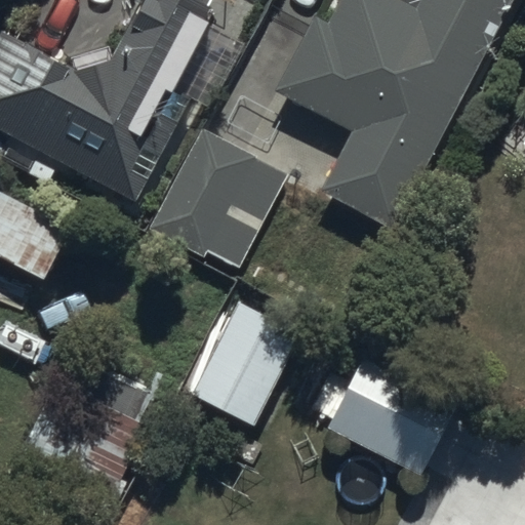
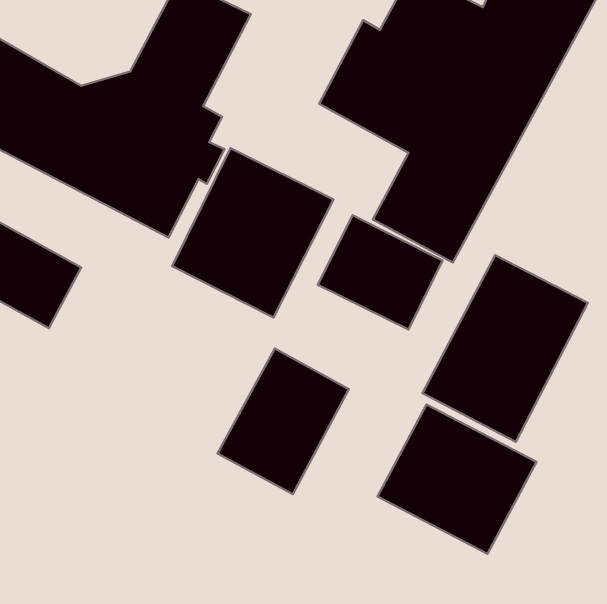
building: none -> [318,215,443,330]
building: none -> [422,255,588,442]

